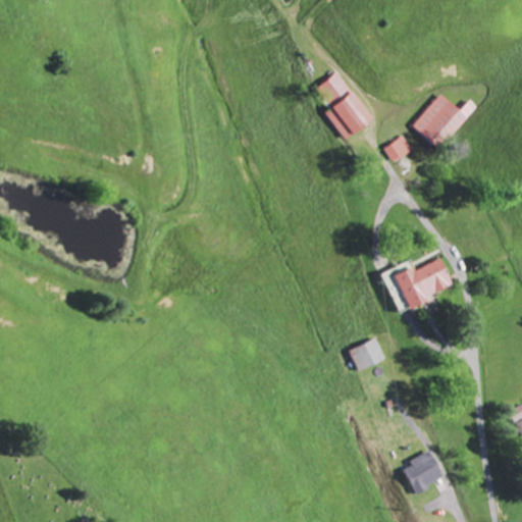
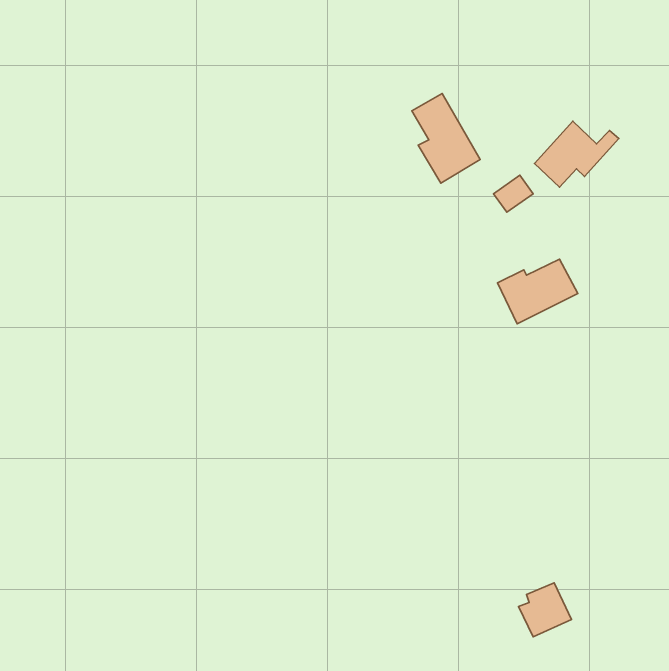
building: [390,259,453,309] -> [497,259,578,324]
building: [348,337,384,370] -> none

